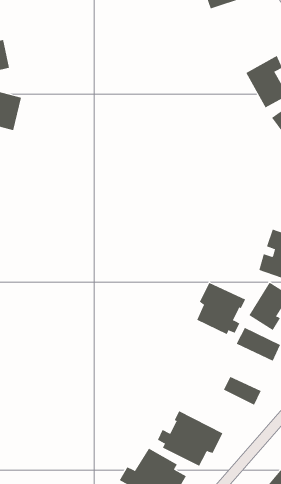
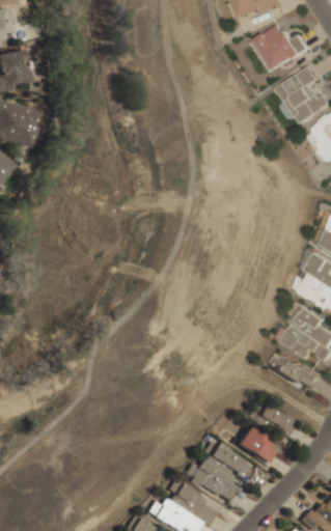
building: none -> [255,23,307,68]
building: [196,282,246,335] -> none
building: none -> [235,426,274,463]

